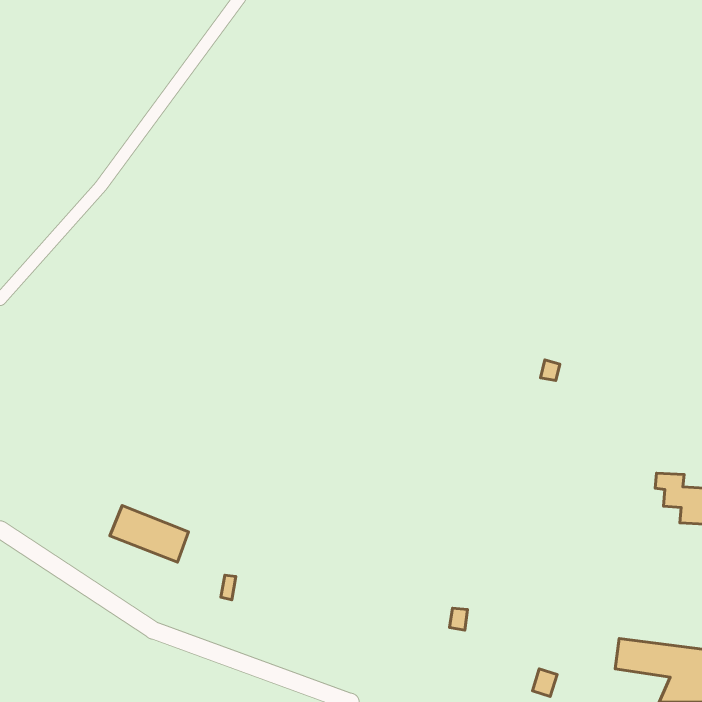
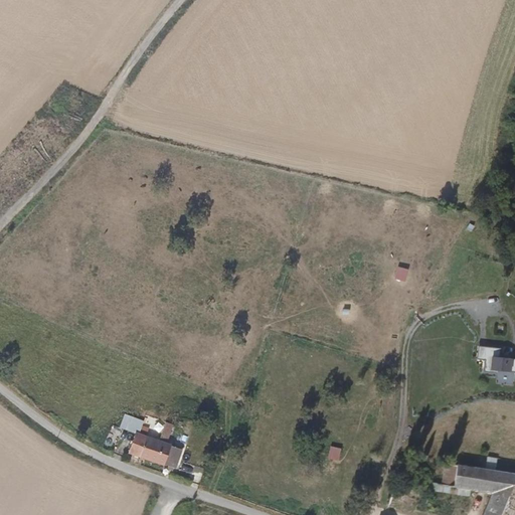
building: [110,506,188,562] -> [129,428,186,470]

